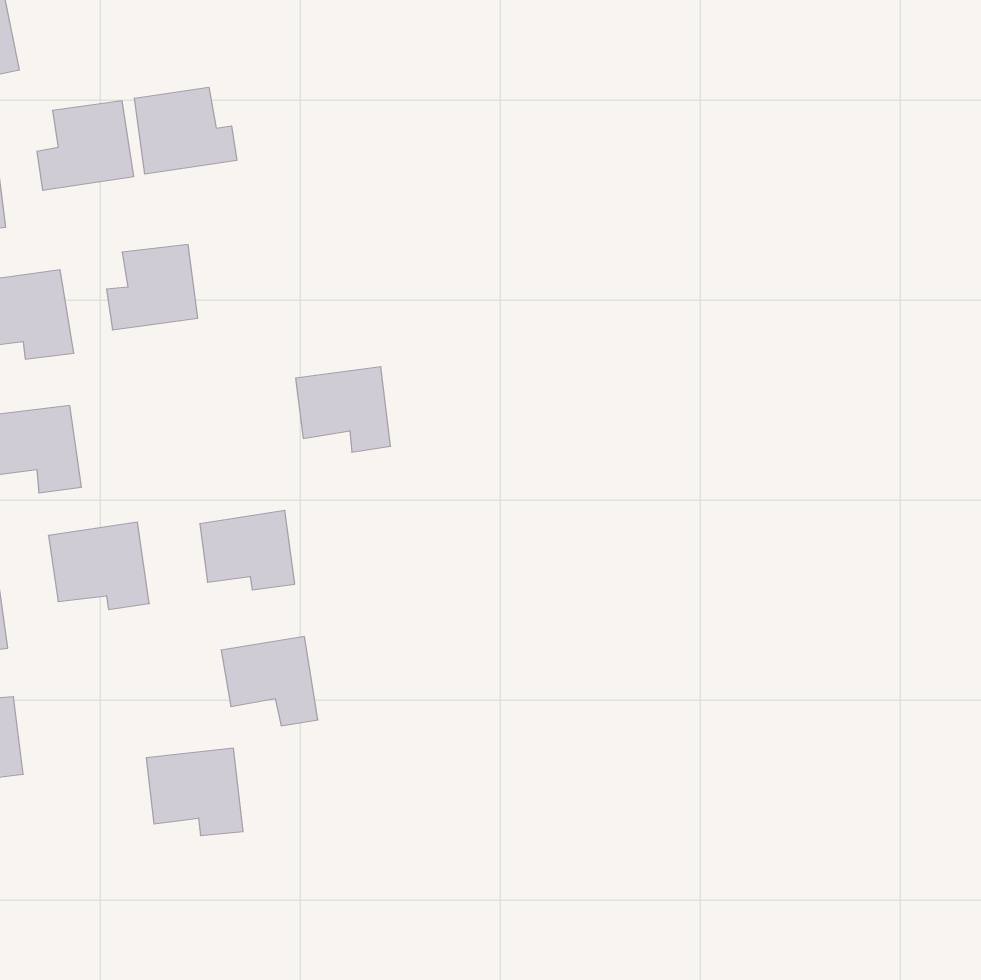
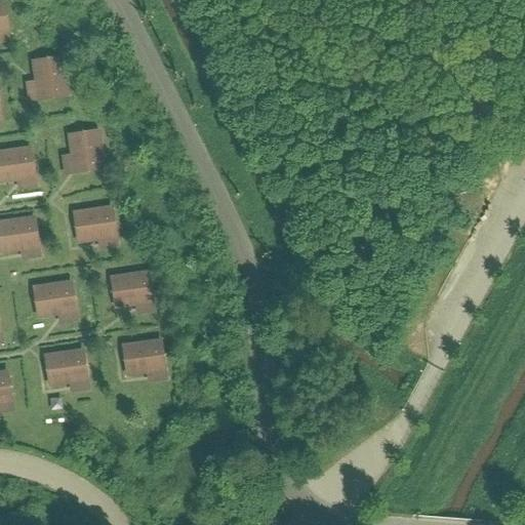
building: [134,87,237,174] -> none
building: [296,367,391,452] -> [69,205,119,250]
building: [146,748,243,836] -> [41,347,92,393]

